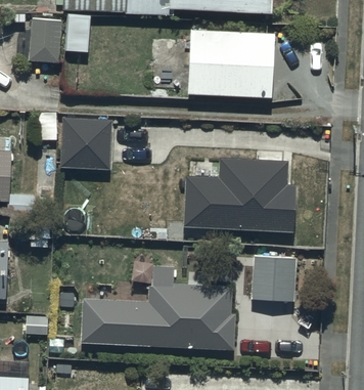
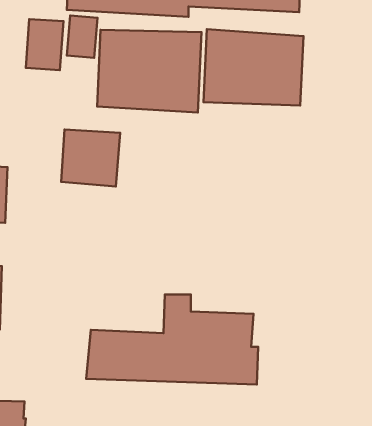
building: none -> [97,30,201,112]
building: [183,156,297,231] -> none
building: [249,255,297,302] -> none

